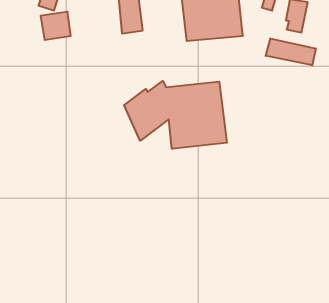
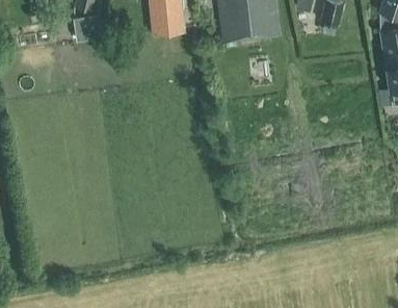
building: [266,38,316,65] -> none
building: [124,81,227,149] -> none

